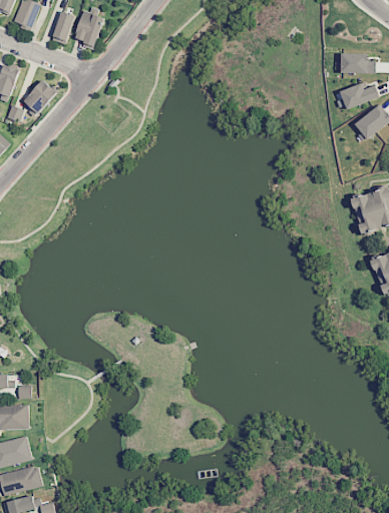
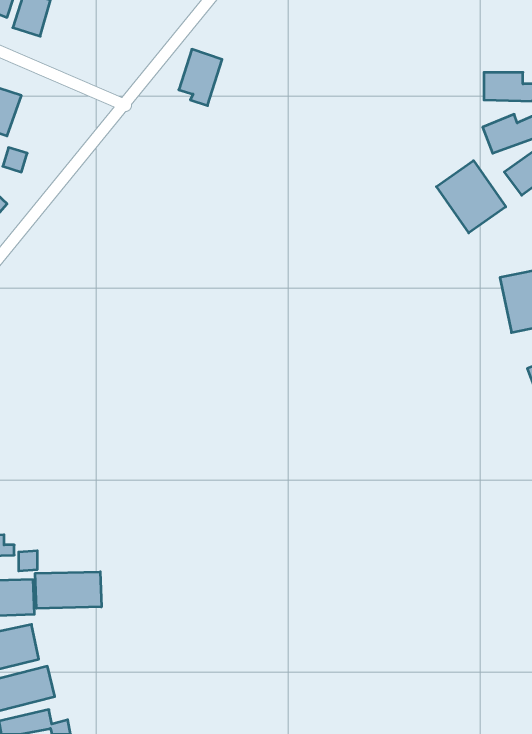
building: [74,10,104,49] -> [179,49,222,106]
building: [52,11,75,45] -> none
building: [24,79,57,113] -> none
building: none -> [436,161,506,233]
building: none -> [35,572,101,608]

